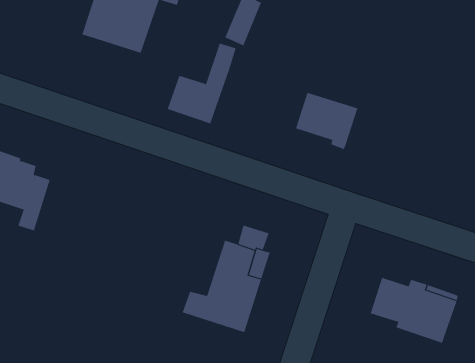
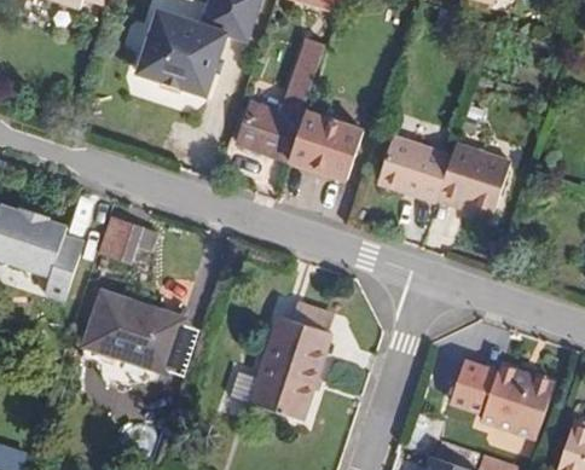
building: none -> [277,118,351,187]
building: none -> [425,149,497,221]
building: none -> [104,215,157,260]
building: none -> [92,289,189,367]

